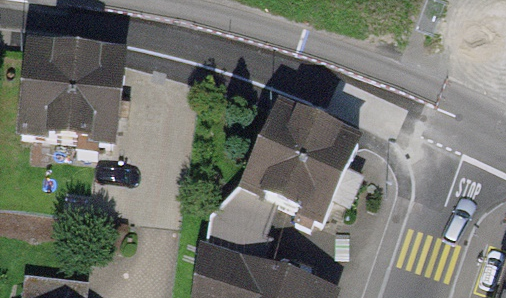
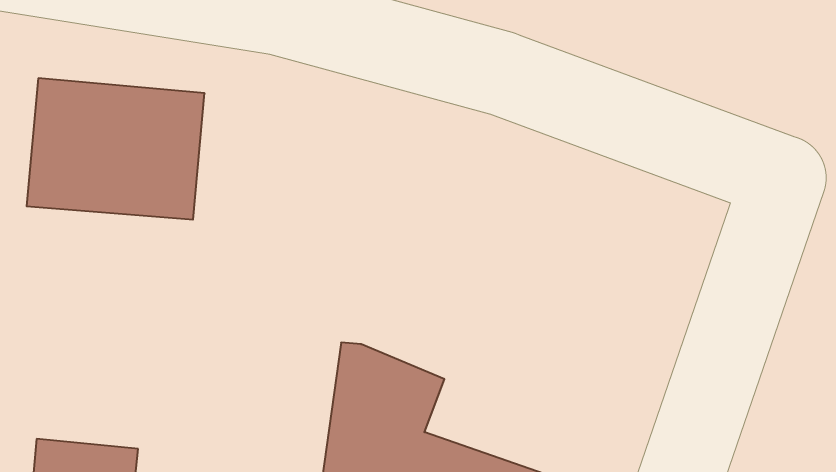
building: [242,102,357,221] -> none

